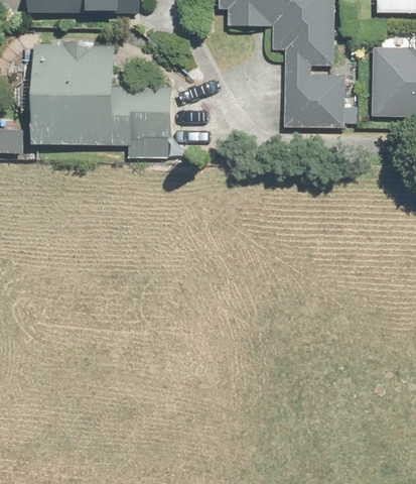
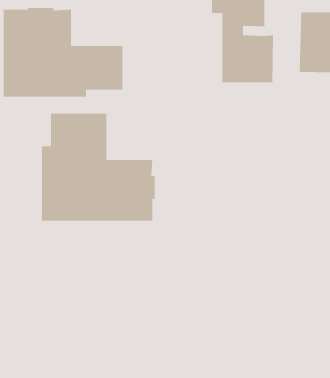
building: none -> [41,113,155,222]

